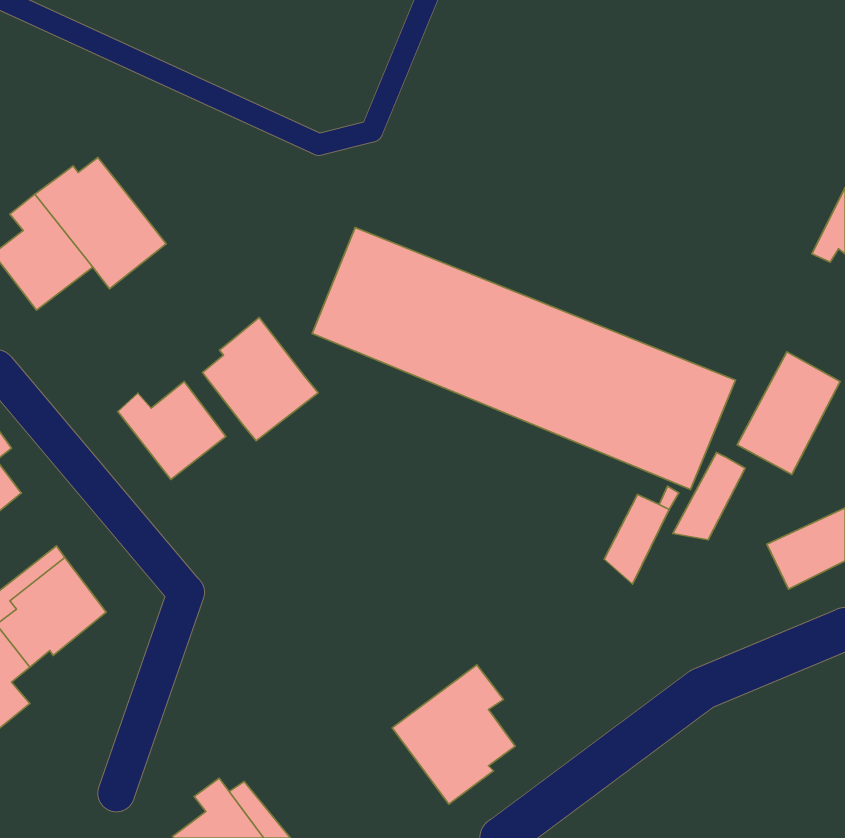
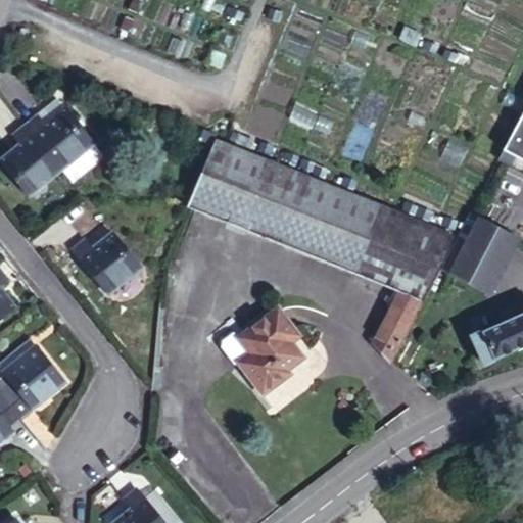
building: [203,318,318,441] -> none
building: [673,452,745,540] -> none
building: [392,665,515,804] -> [228,308,303,394]

